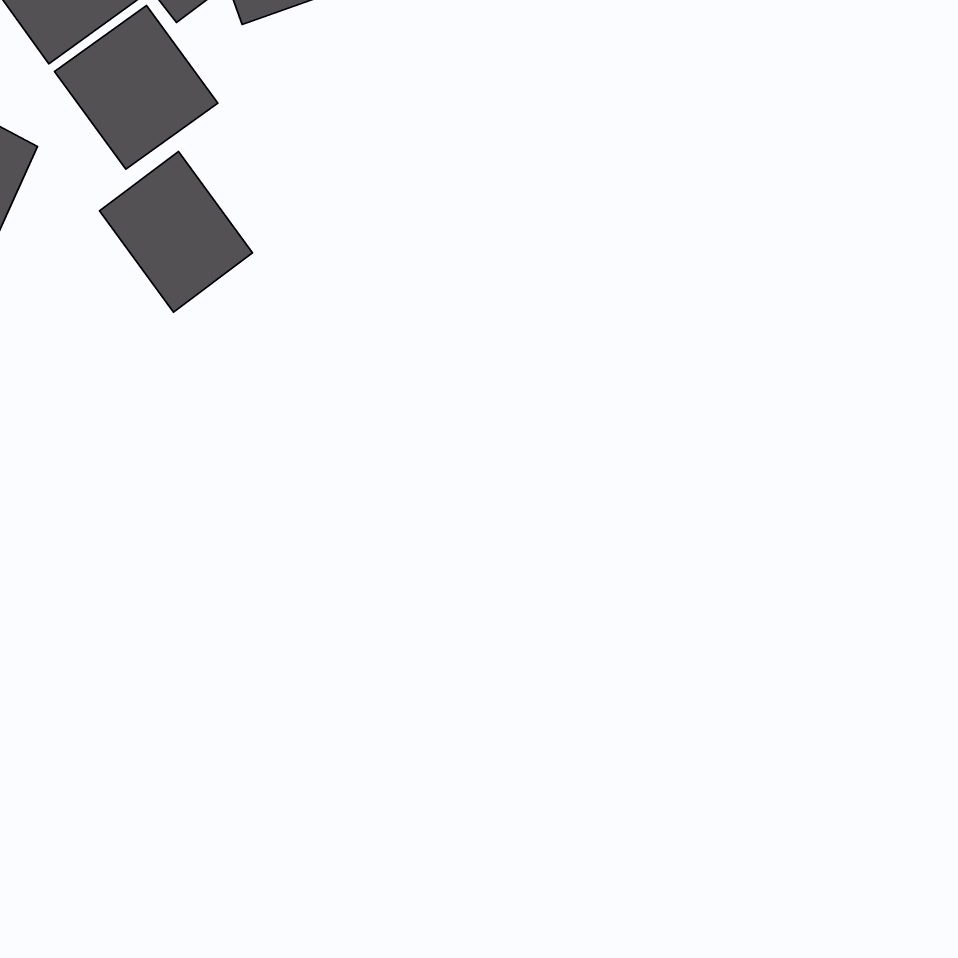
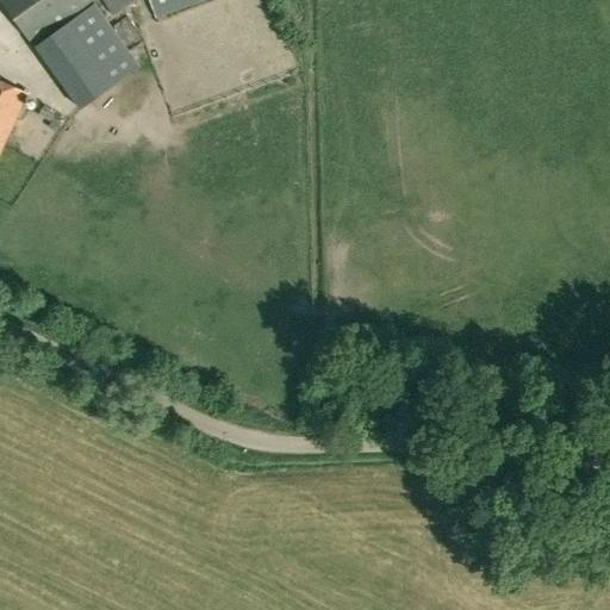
building: [99,151,253,312] -> none

